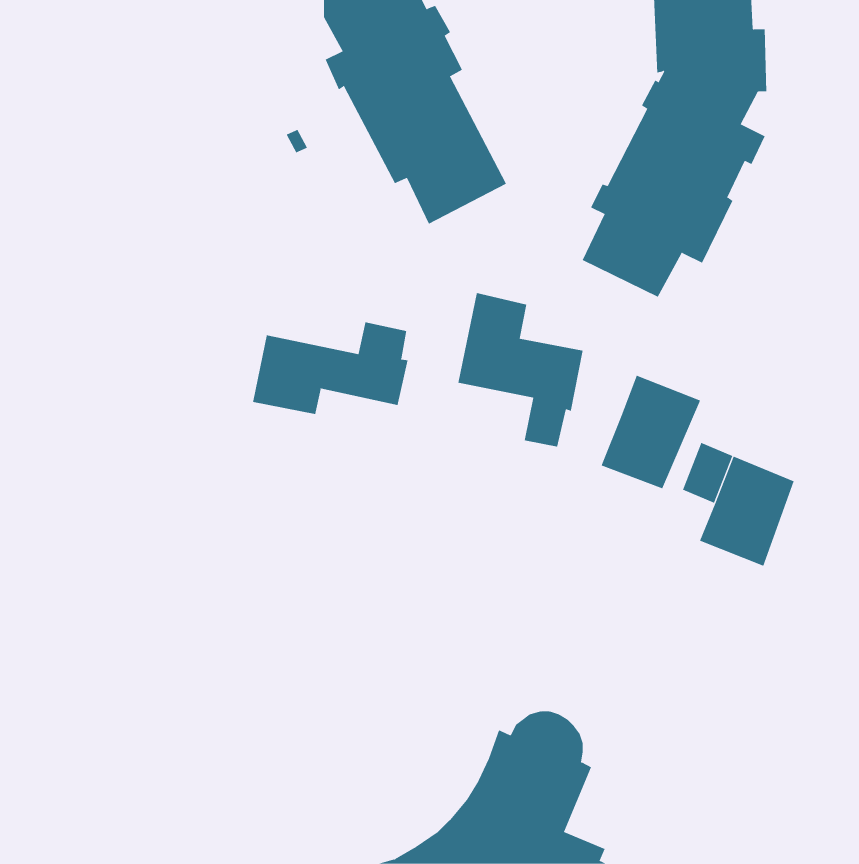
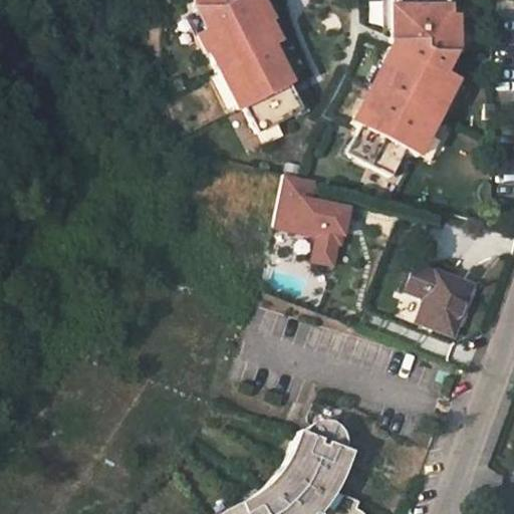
building: [252,322,408,415] -> none
building: [601,375,701,489] -> none

